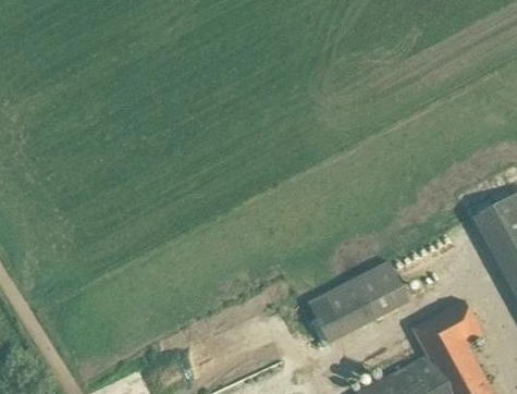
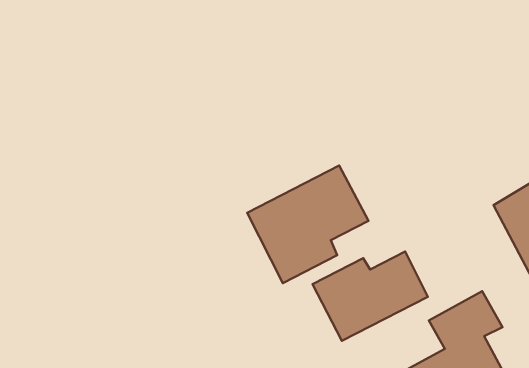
building: none -> [247,165,368,283]

